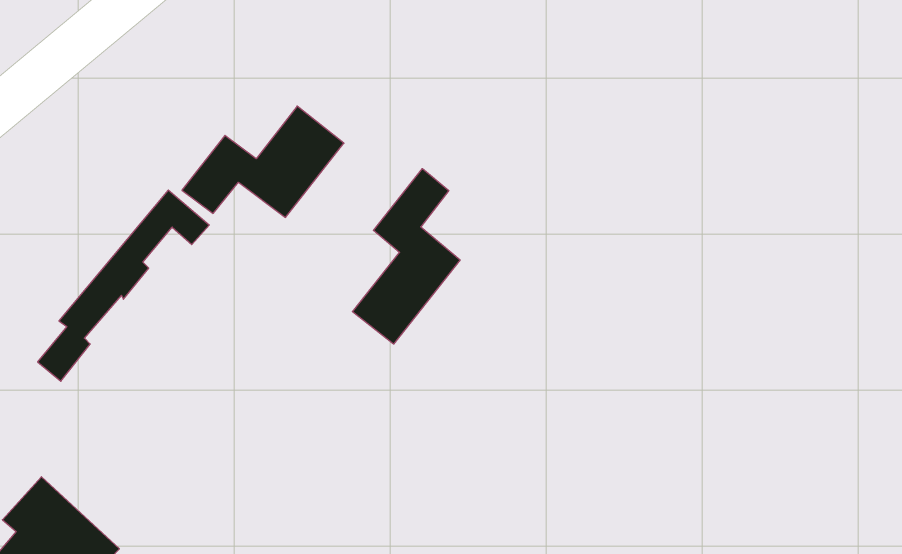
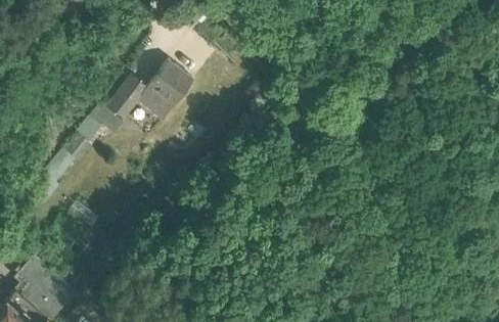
building: [352,169,460,344] -> none

